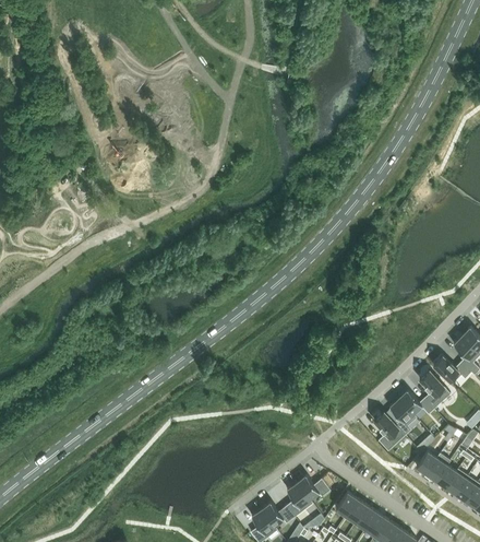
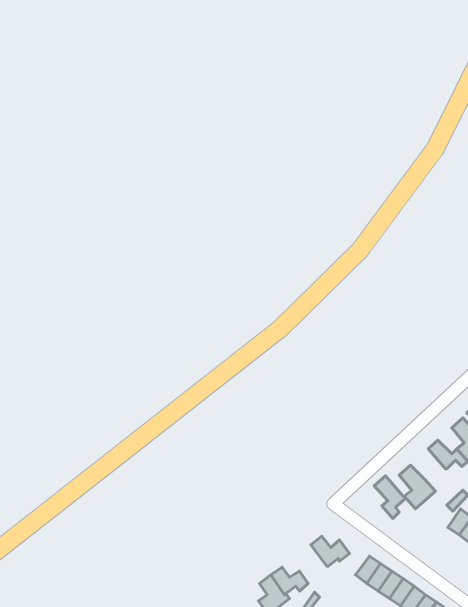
building: [388,398,416,435] -> [374,476,405,518]
building: [286,482,312,516] -> none

